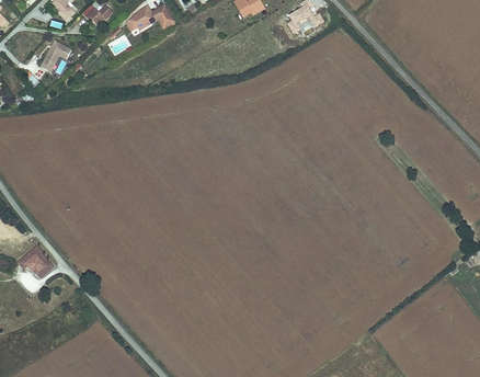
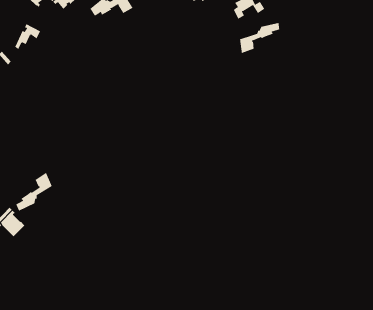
building: none -> [240,22,280,54]
building: none -> [16,172,52,212]

